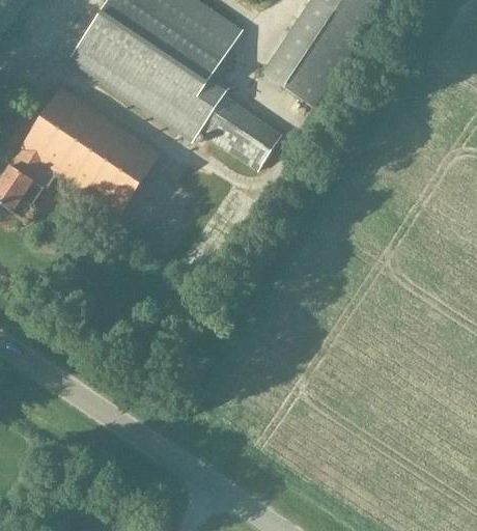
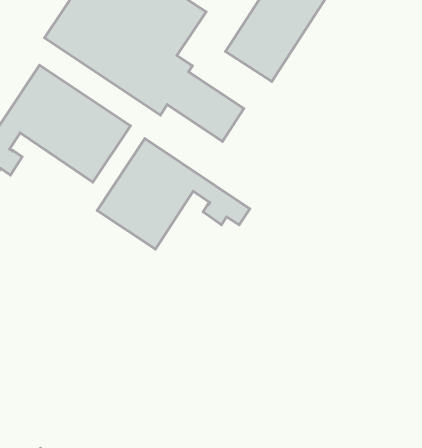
building: none -> [97,139,250,249]

